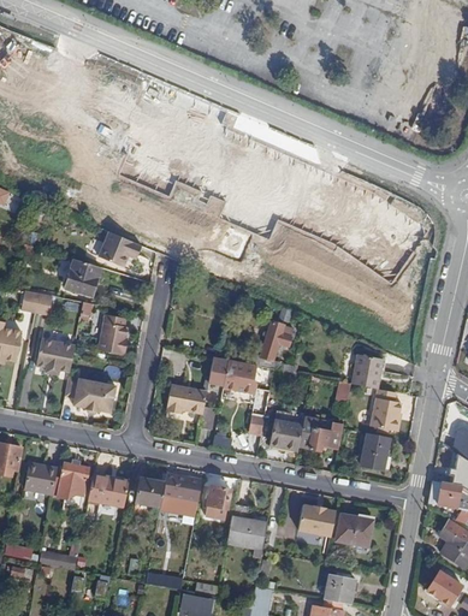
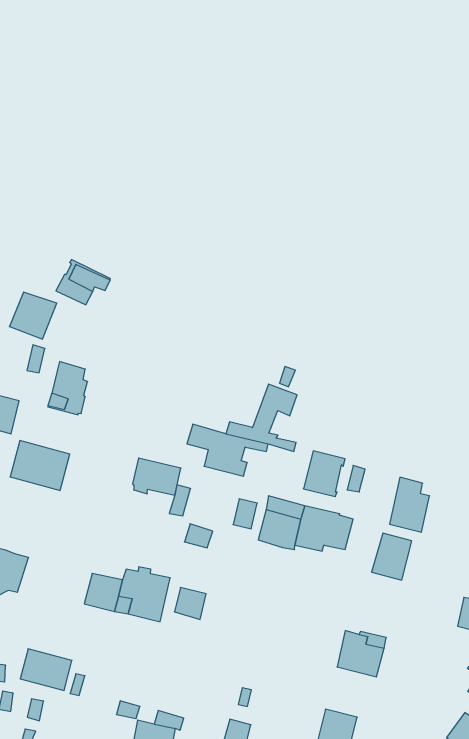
building: [351,354,383,389] -> [303,451,345,497]
building: [88,475,128,507] -> [20,649,72,691]
building: [297,505,334,537] -> none
building: [226,516,265,549] -> none

